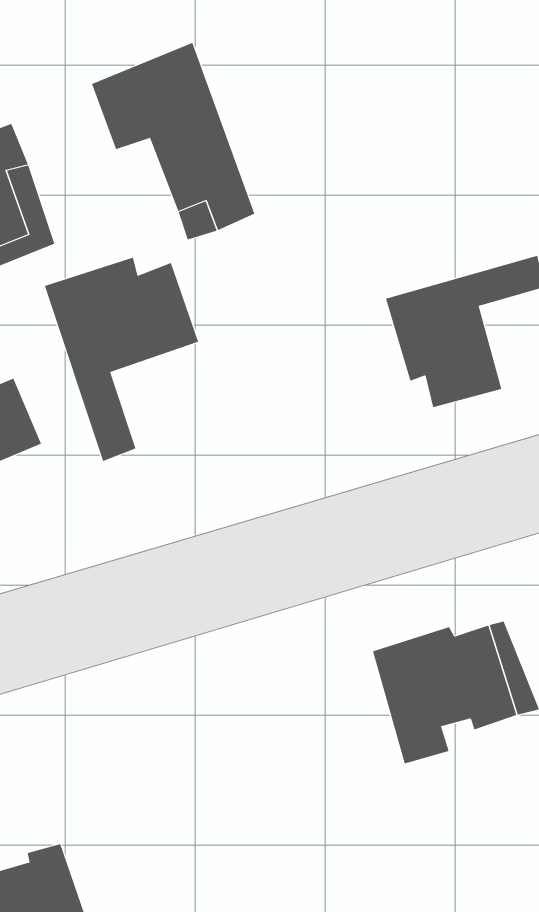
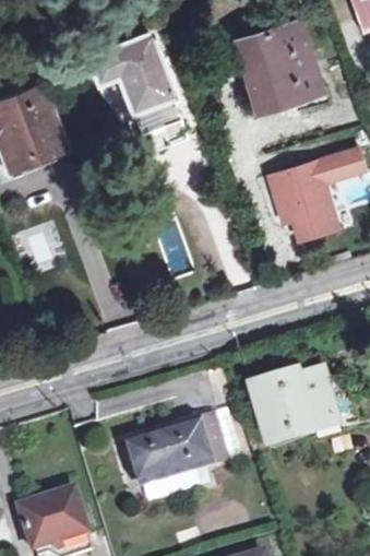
building: none -> [237,19,323,105]
building: [44,257,199,462] -> none
building: none -> [128,416,226,487]

